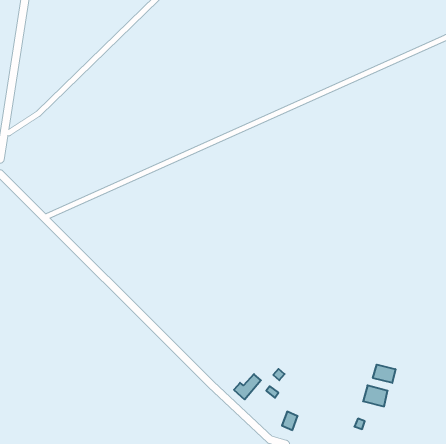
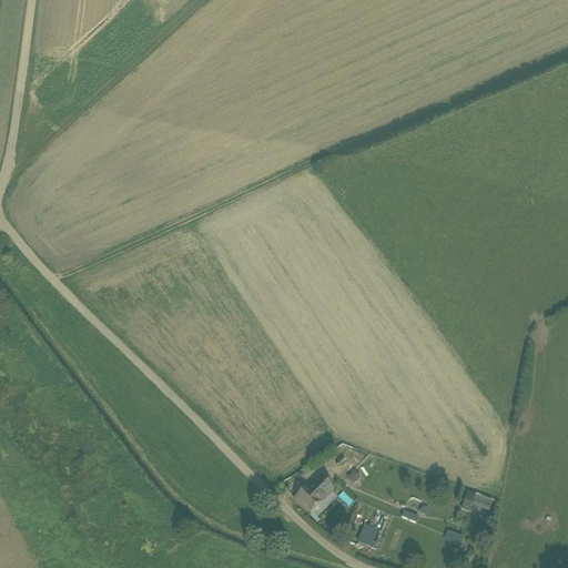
building: [373,365,395,383] -> none

